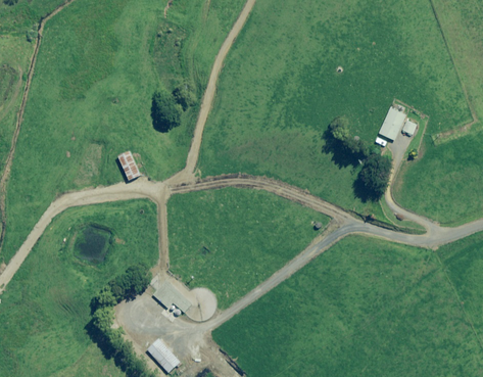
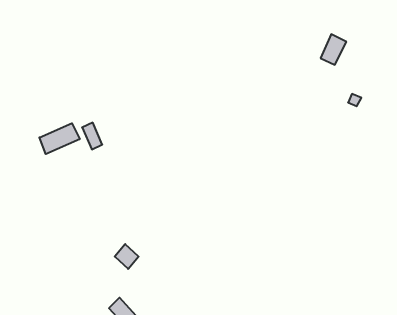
building: [379,107,406,140] -> [321,34,346,65]
building: none -> [39,123,80,154]

